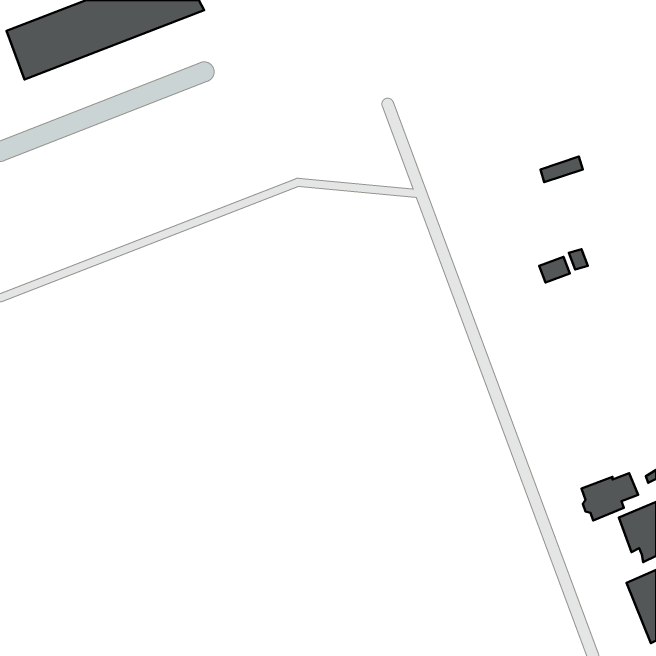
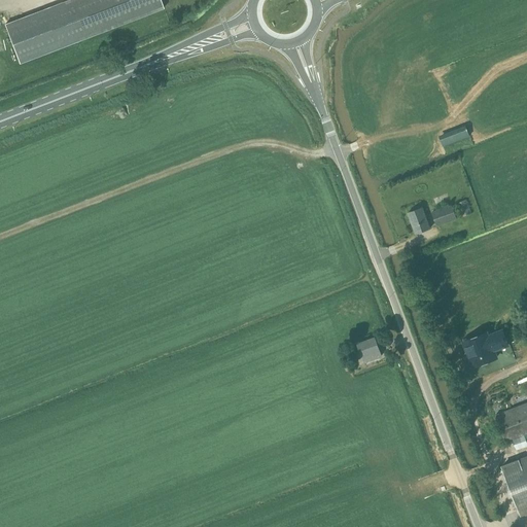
building: none -> [409,208,431,235]
building: none -> [356,336,383,365]
building: [582,473,638,521] -> [464,329,510,367]

